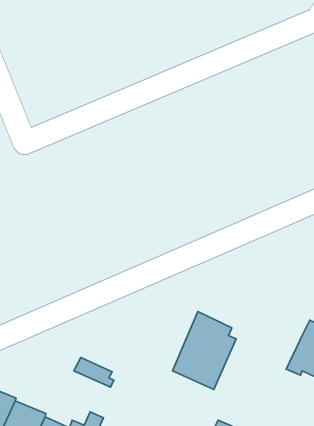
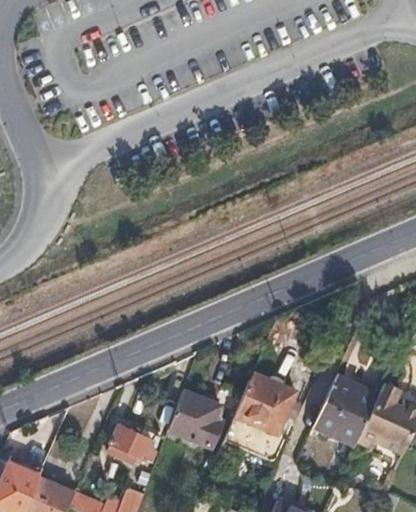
building: none -> [314,375,379,444]
building: none -> [169,390,220,443]

